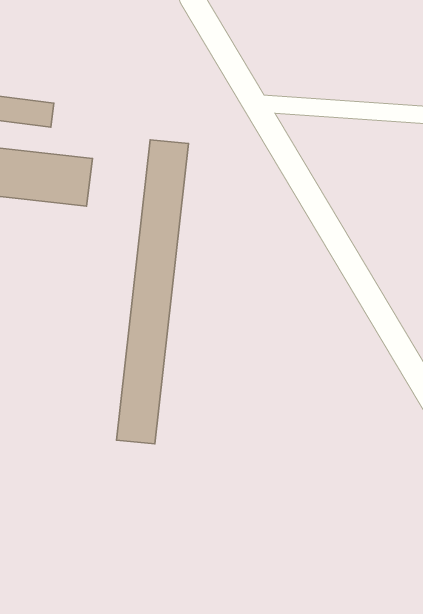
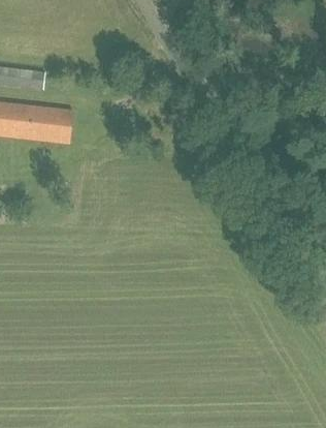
building: [116,140,189,444] -> none

